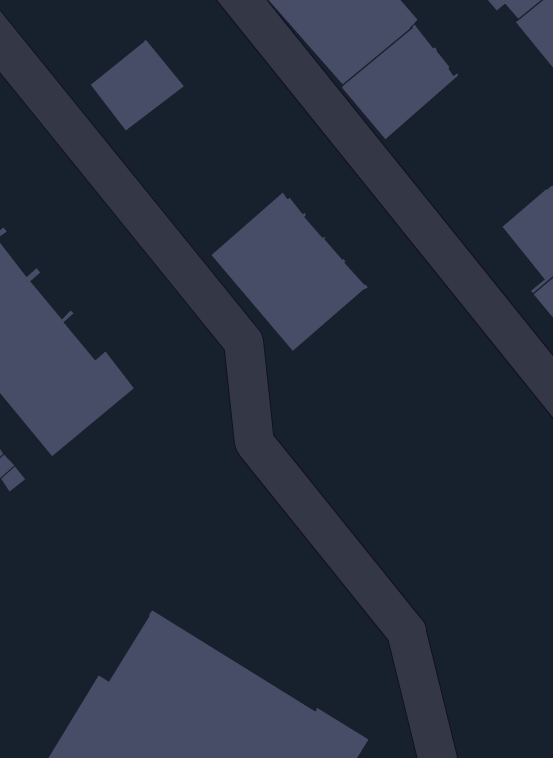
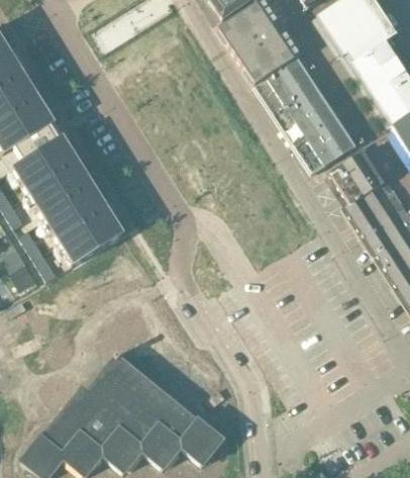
building: [90,39,185,131] -> none
building: [211,191,369,352] -> [274,87,356,174]

